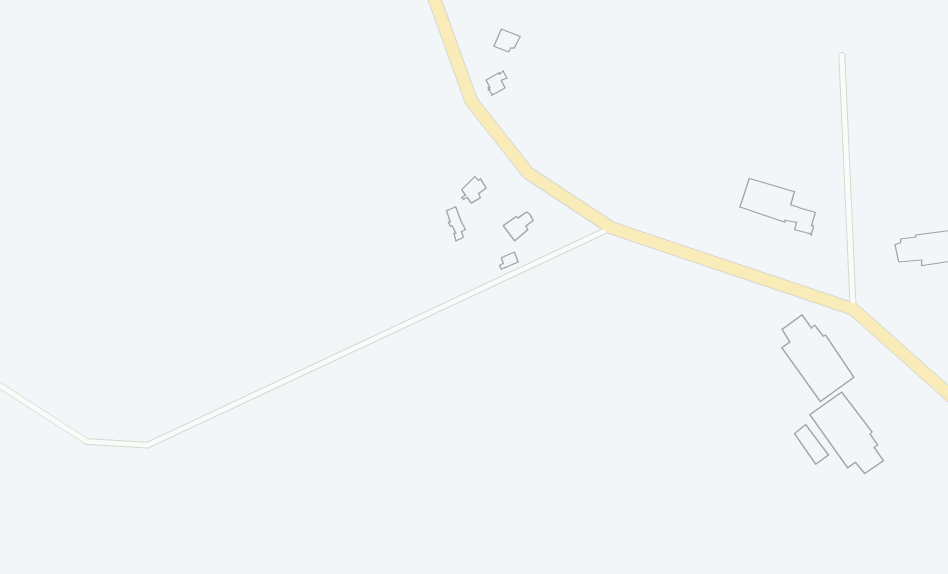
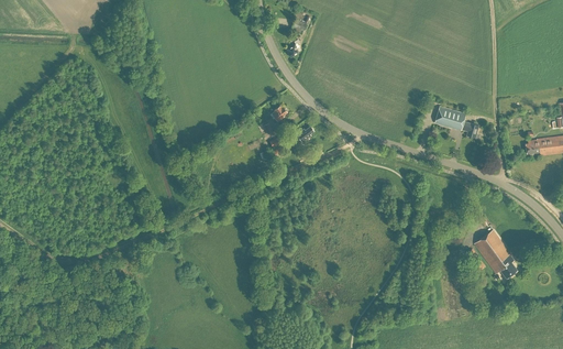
building: [782,315,854,402] -> none

